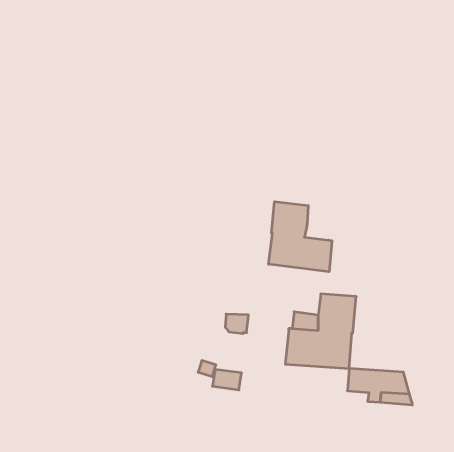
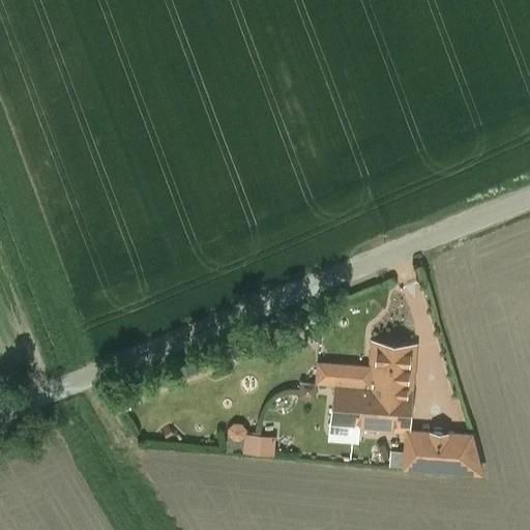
building: [269,202,332,272] -> none
building: [225,314,248,334] -> [316,363,343,386]

